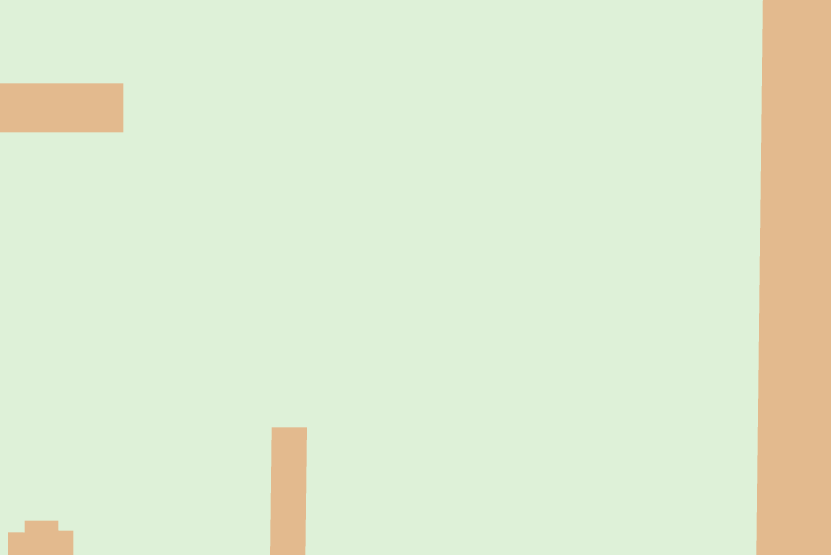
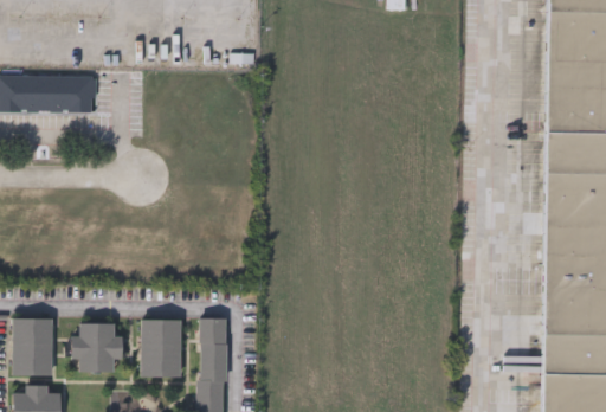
building: none -> [13,320,52,376]
building: none -> [141,321,181,378]
building: none -> [71,323,123,373]

